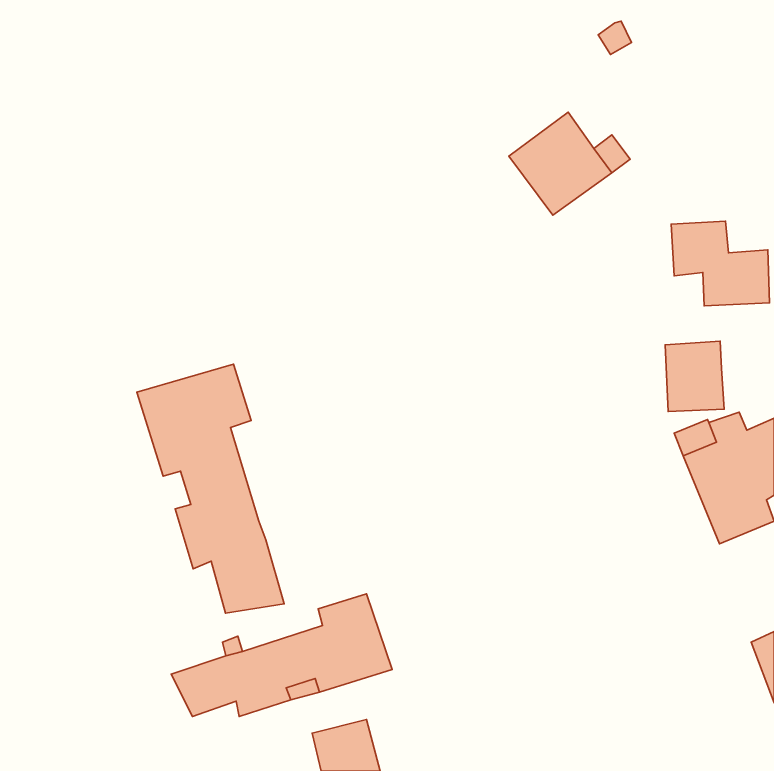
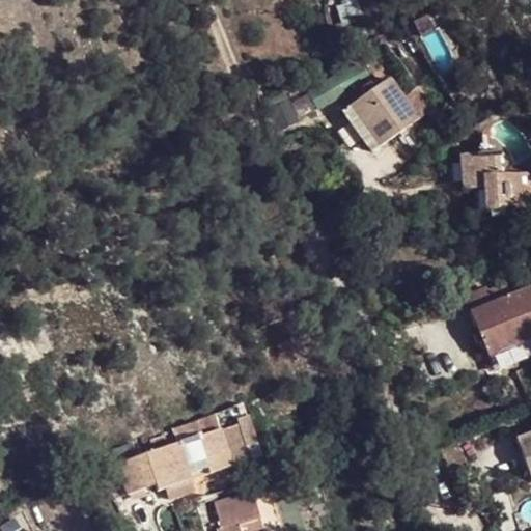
building: [665,341,724,412] -> none
building: [137,364,284,613] -> none

